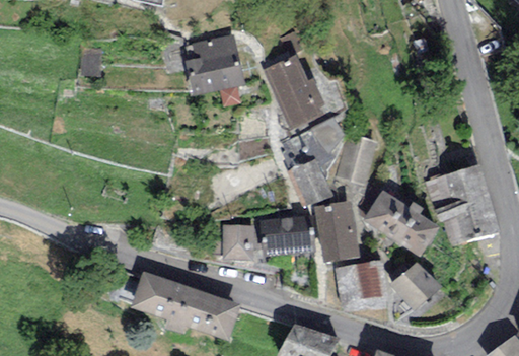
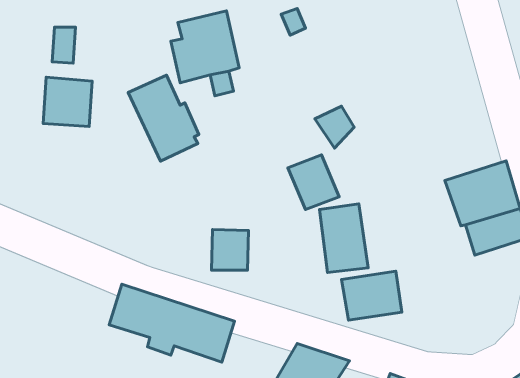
building: [263,54,324,129] -> [128,75,199,161]
building: none -> [43,77,92,126]
building: [337,134,378,185] -> none
building: [362,190,438,257] -> none
building: [260,216,311,256] -> none
building: [389,262,442,310] -> none

